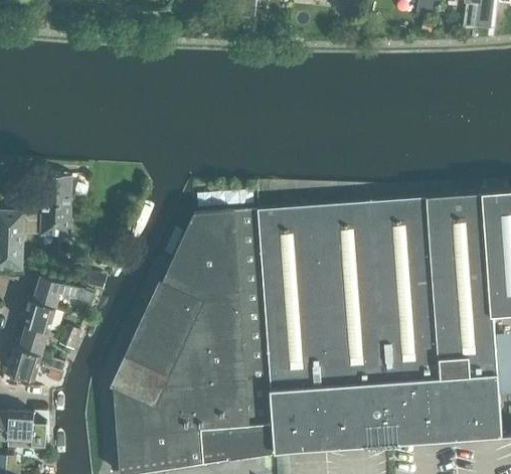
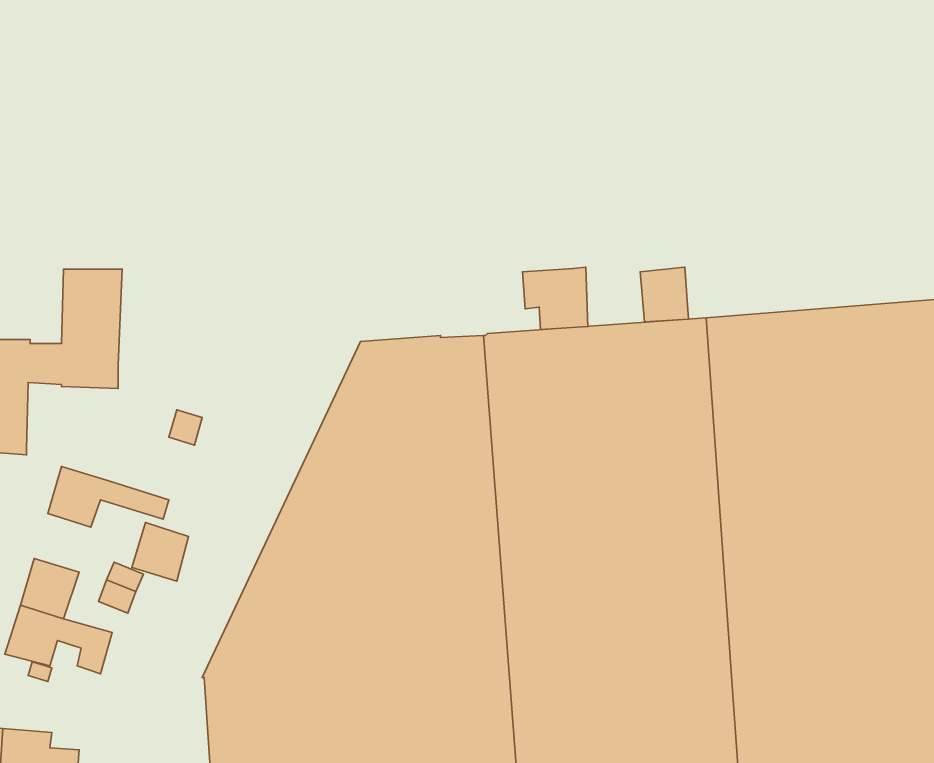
building: none -> [523,267,588,330]
building: none -> [640,267,688,322]
building: [26,302,55,332] -> [132,523,189,581]

